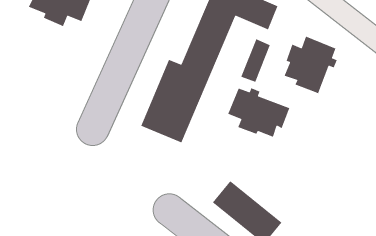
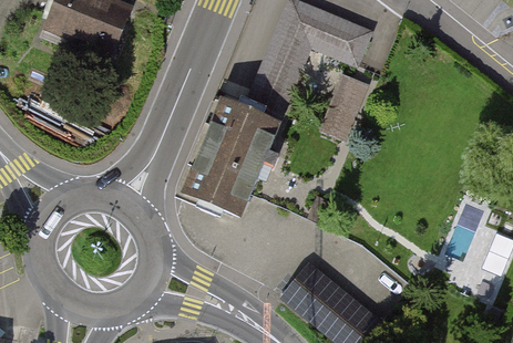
building: [284,36,338,94] -> none
building: [227,87,290,138] -> none

